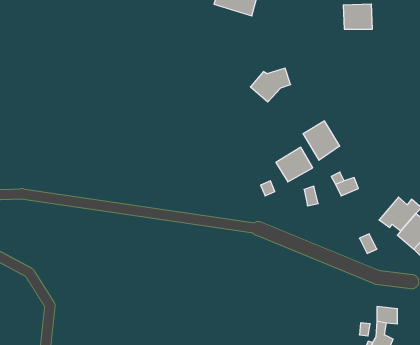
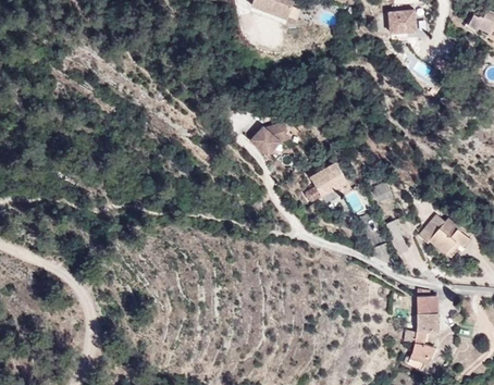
building: [250,68,291,102] -> [255,115,295,149]
building: [303,121,340,160] -> none
building: none -> [417,289,437,318]

